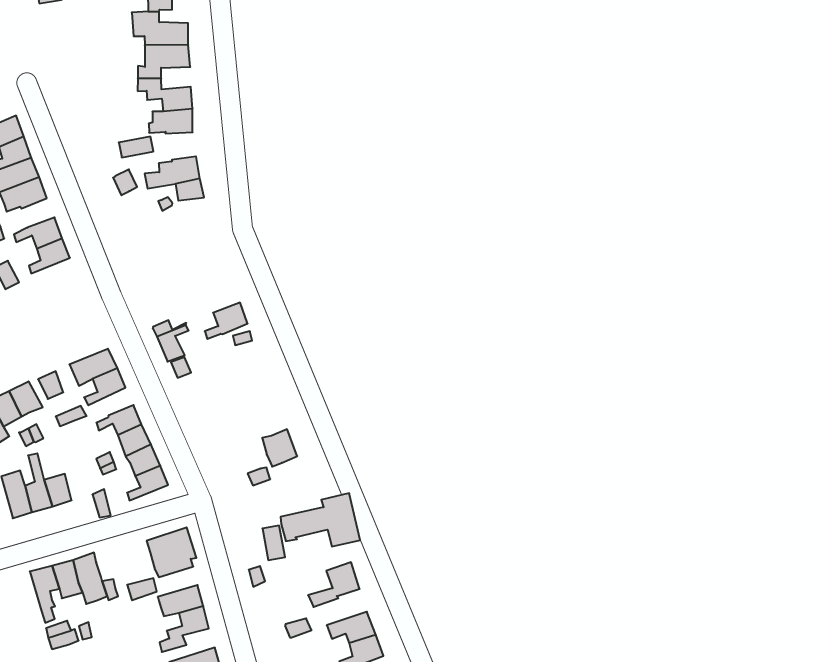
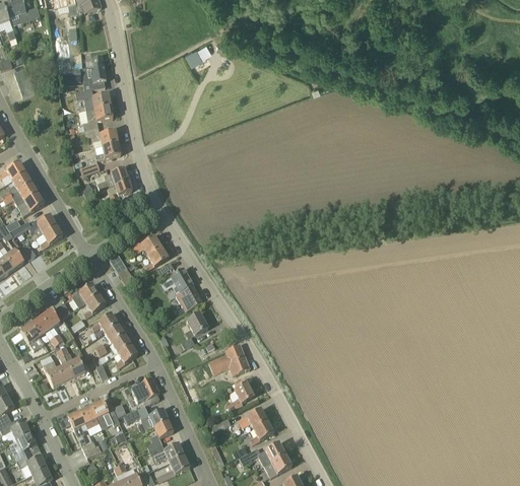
building: none -> [128,234,161,254]
building: none -> [170,267,202,310]

